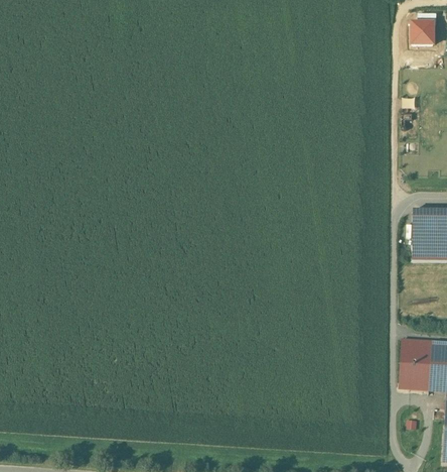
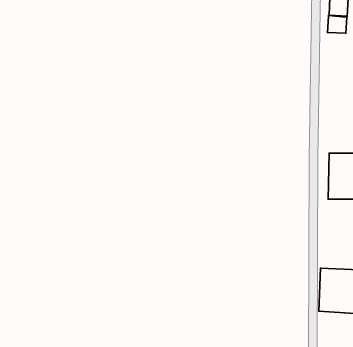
building: none -> [328,15,347,33]

